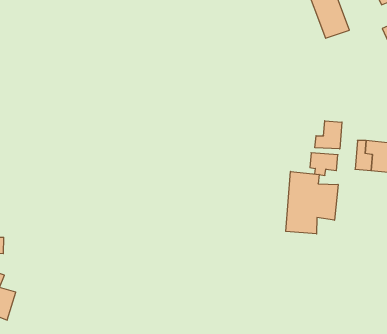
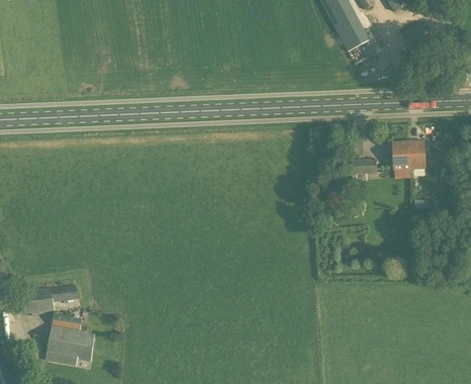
building: [315,121,342,149] -> none
building: [286,171,338,234] -> none

